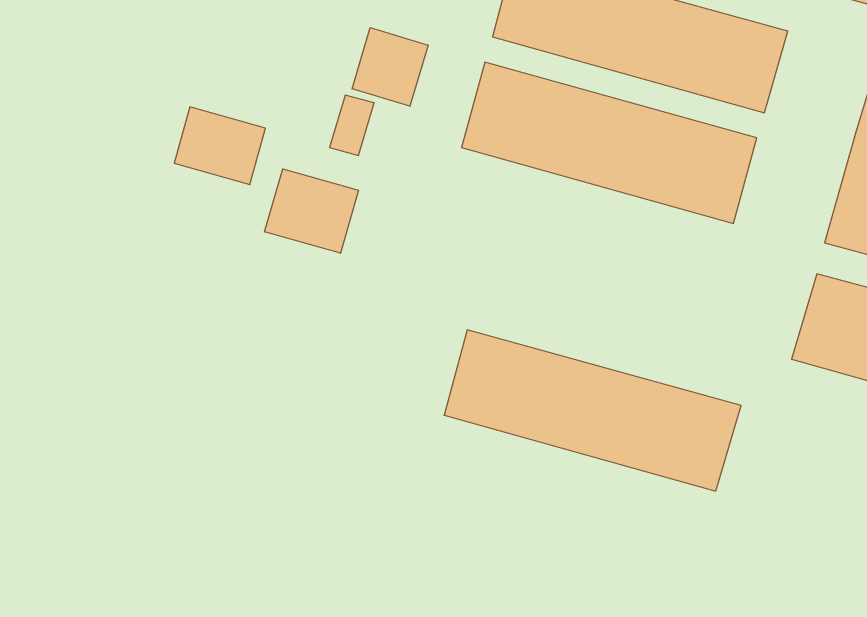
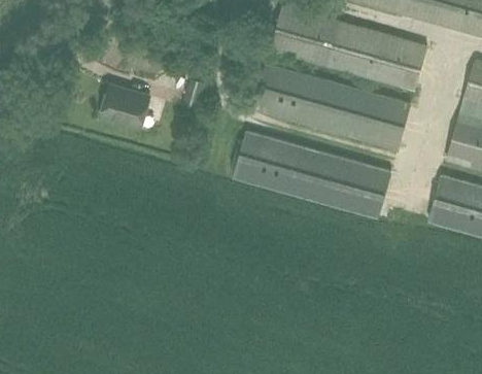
building: [352,28,428,106] -> none
building: [265,169,359,253] -> none
building: [444,330,741,491] -> [235,132,392,217]

